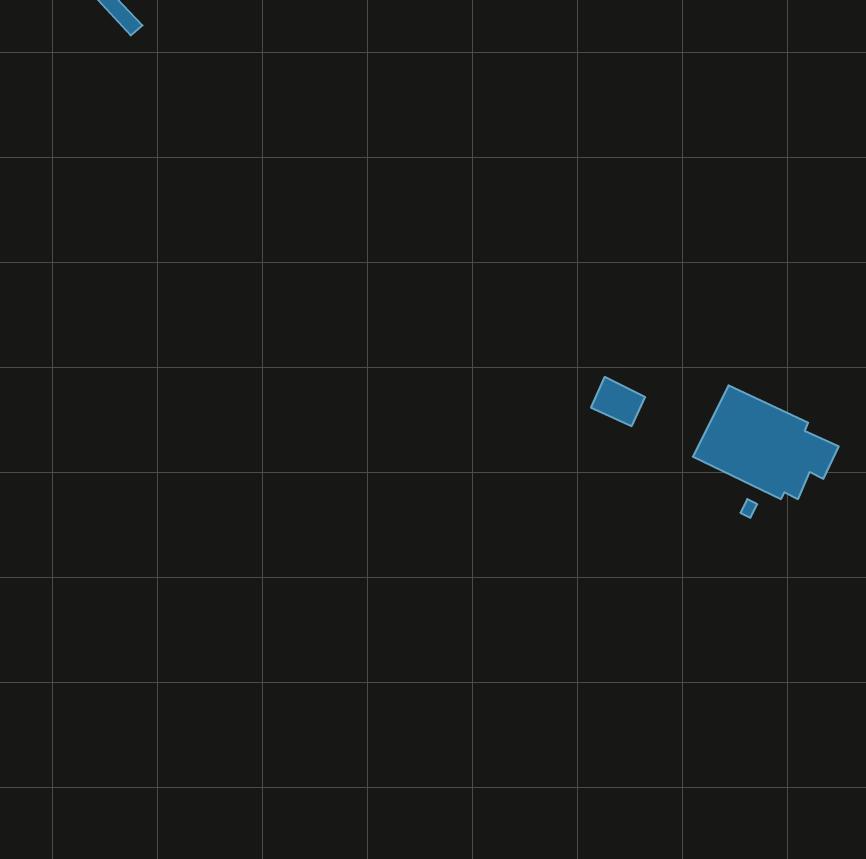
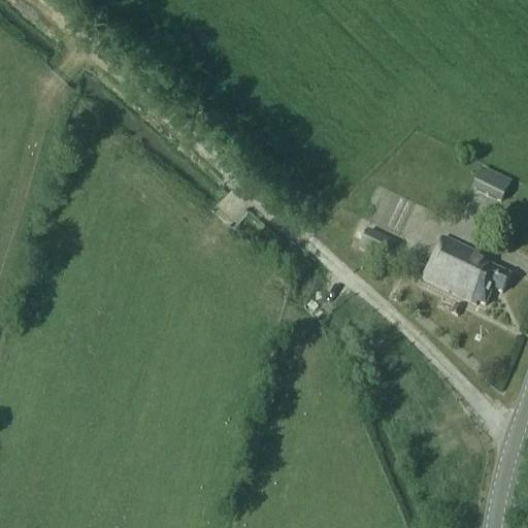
building: none -> [471,166,509,199]

